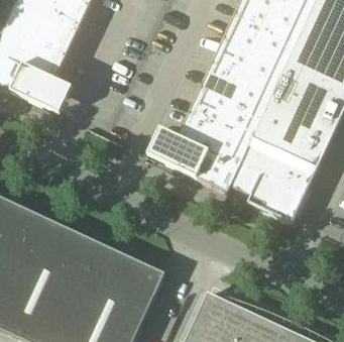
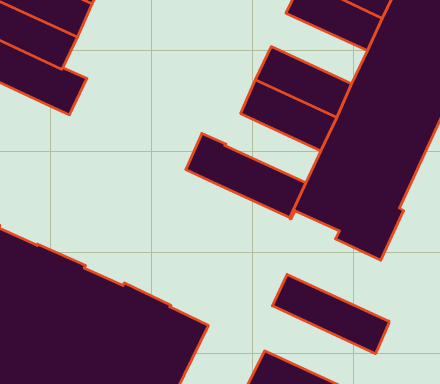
building: [214,38,286,92] -> none
building: [179,114,251,166] -> none
building: none -> [272,274,389,354]

